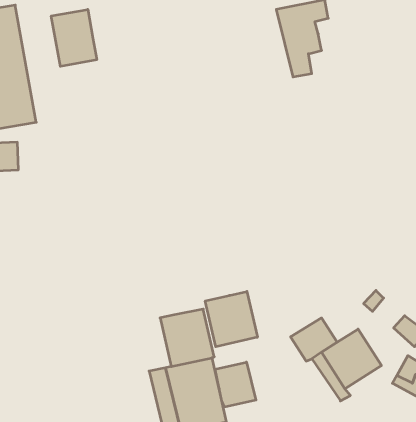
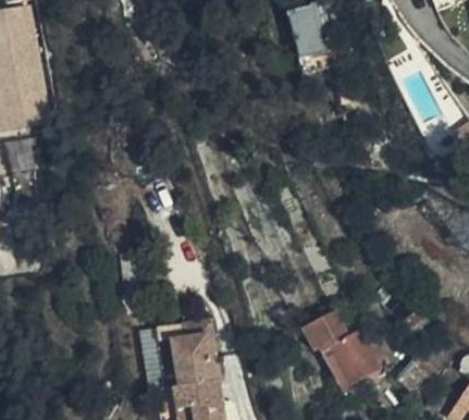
building: [51,9,97,66] -> none
building: [205,291,257,347] -> none
building: [215,362,256,407] -> none

